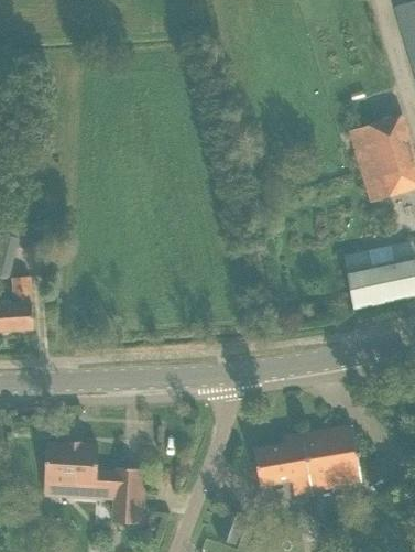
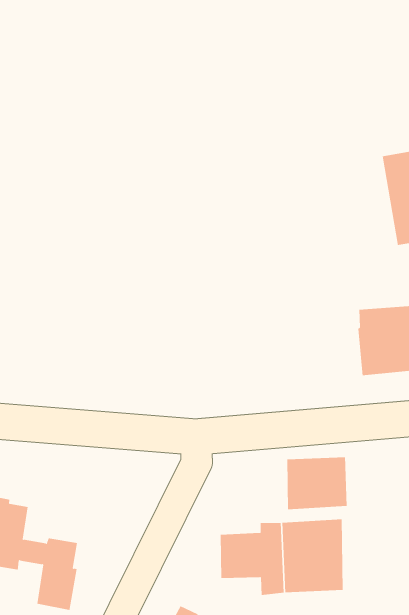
building: none -> [287,456,347,510]

